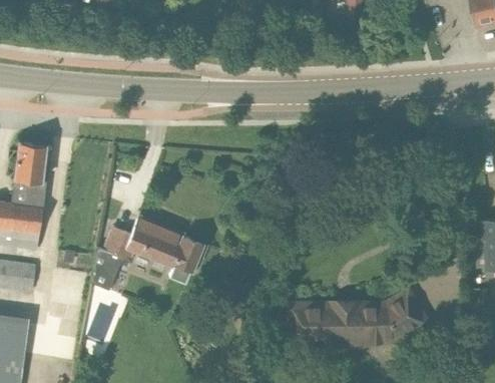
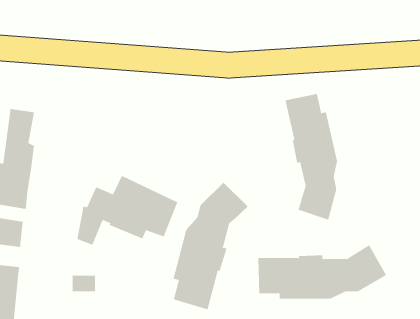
building: none -> [285,93,338,221]
building: none -> [173,182,249,310]

